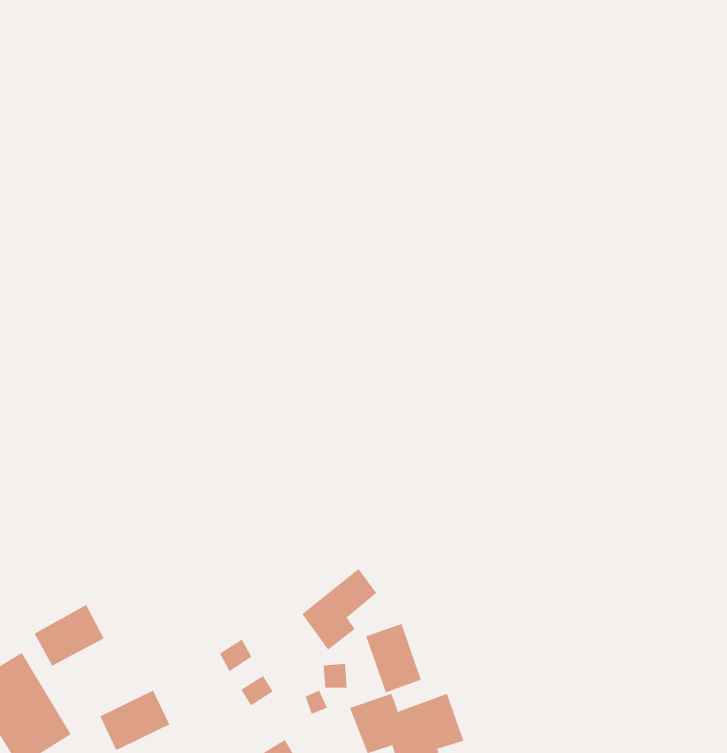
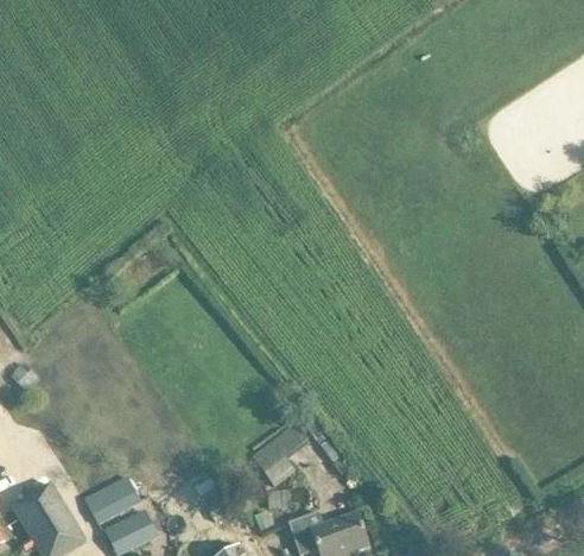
building: [34,604,104,667] -> [88,476,139,522]
building: [366,623,422,693] -> none

